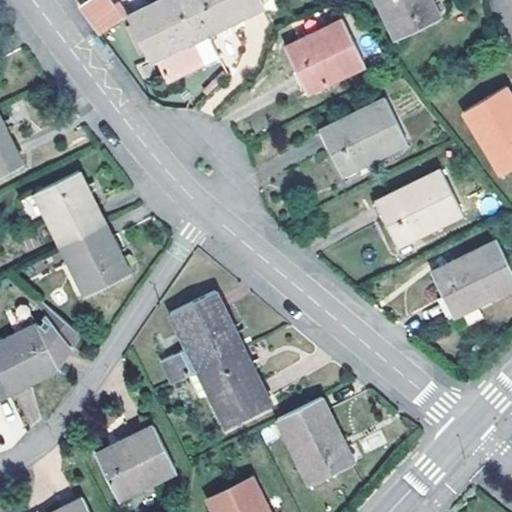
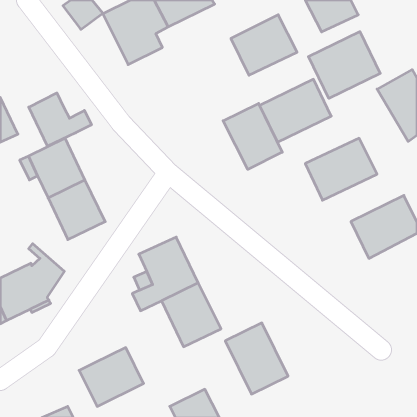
building: none -> [308,32,380,98]
building: none -> [29,93,91,146]
building: none -> [223,103,282,169]

